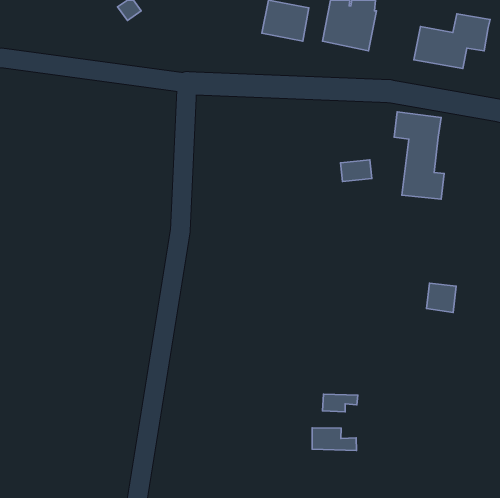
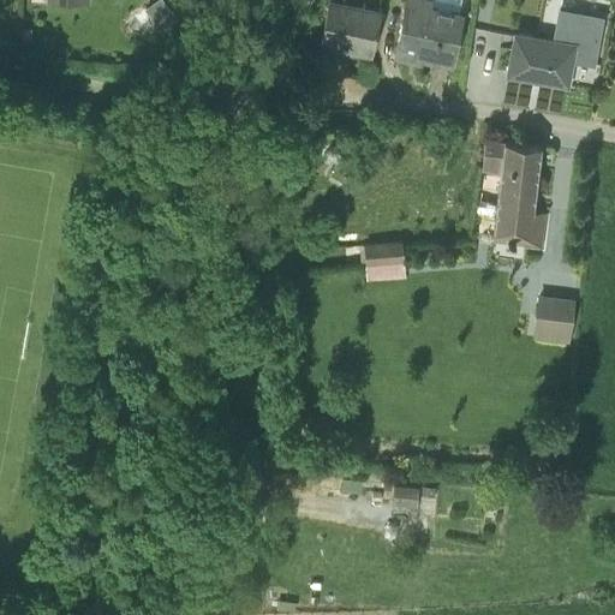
building: [340,160,372,181] -> [366,243,405,269]
building: [427,283,456,313] -> [537,299,573,335]
building: [312,428,357,451] -> none

